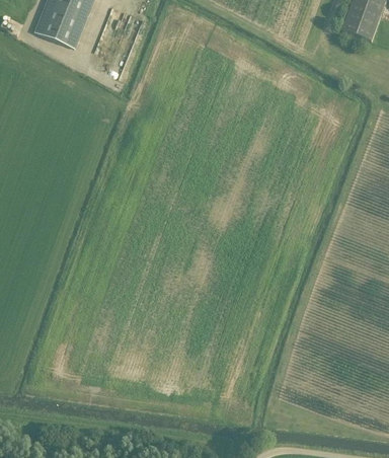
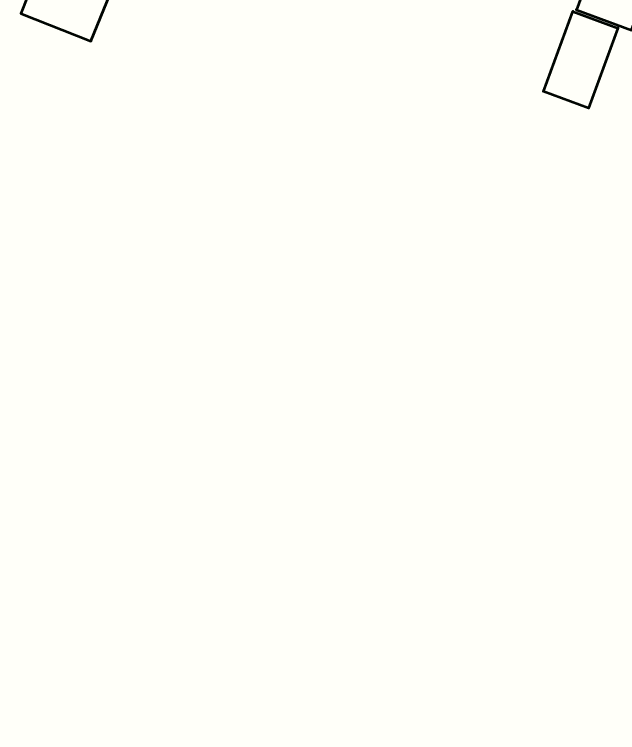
building: none -> [543,11,618,108]

